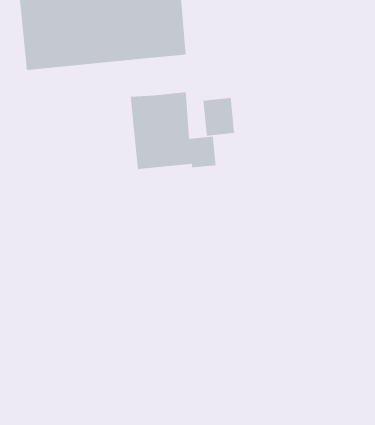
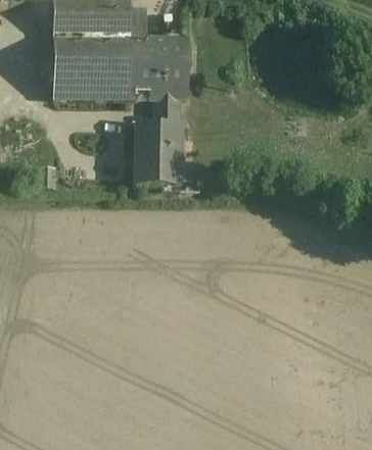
building: [203,97,235,136] -> [156,97,180,127]

